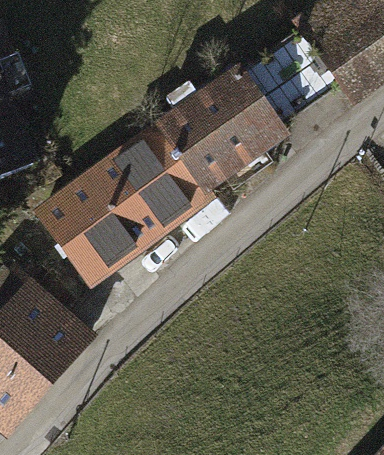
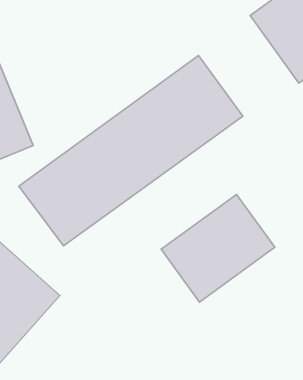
building: none -> [161,194,275,302]

